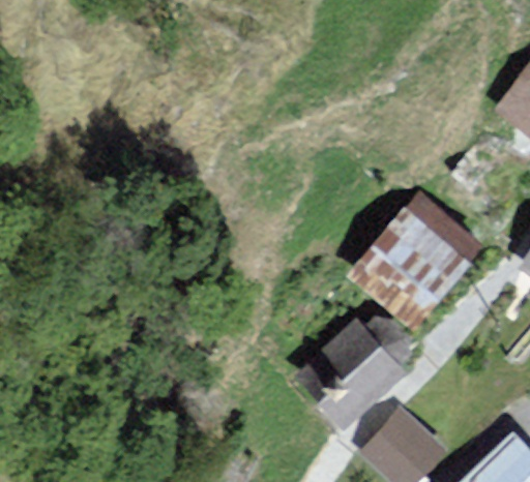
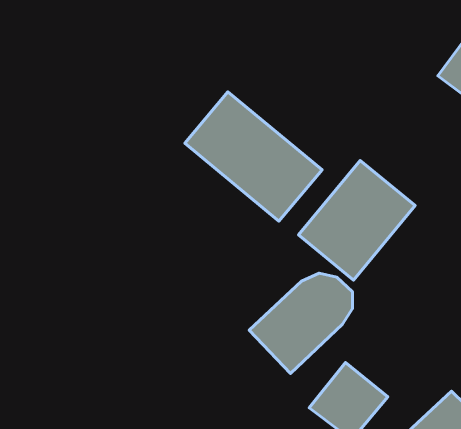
building: none -> [185,92,322,221]

